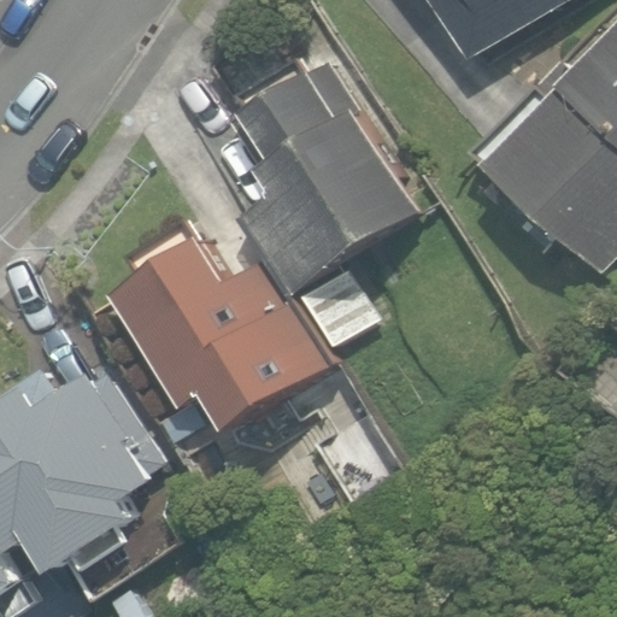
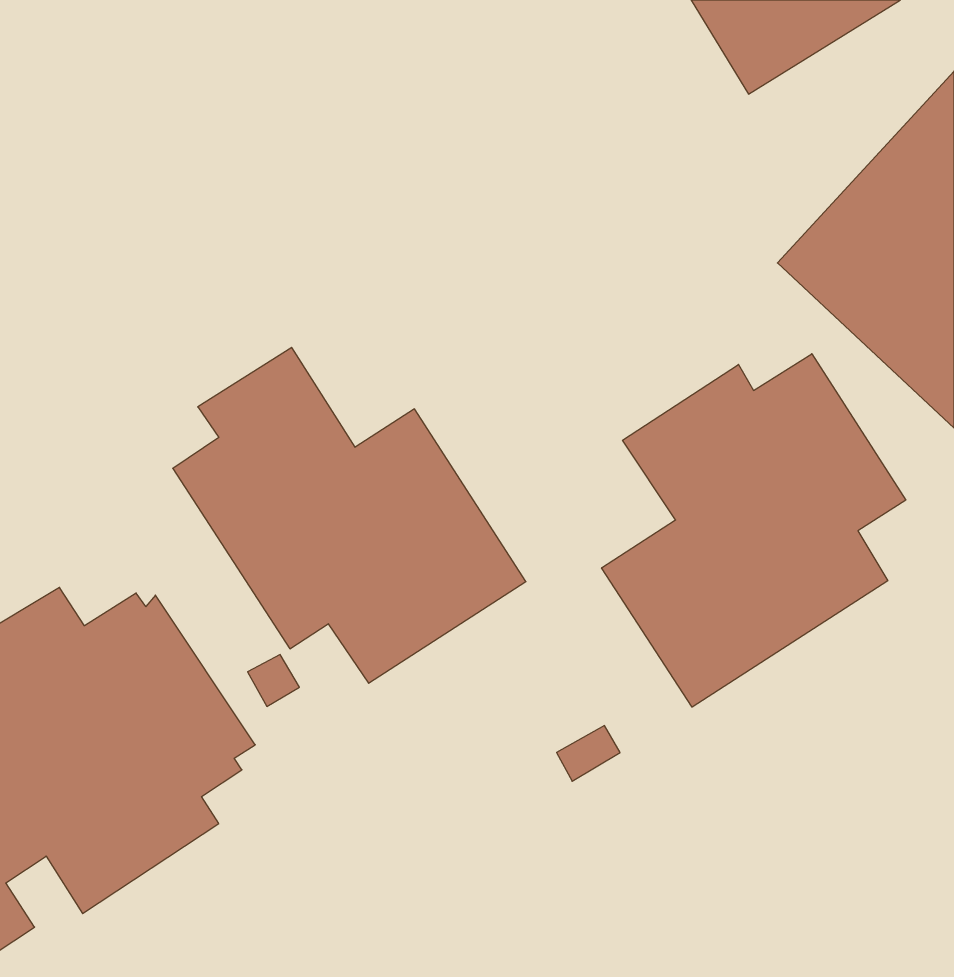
building: [233,63,418,294] -> none
building: none -> [602,354,906,707]

